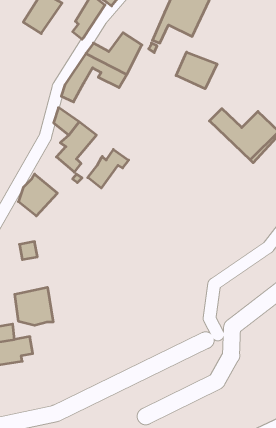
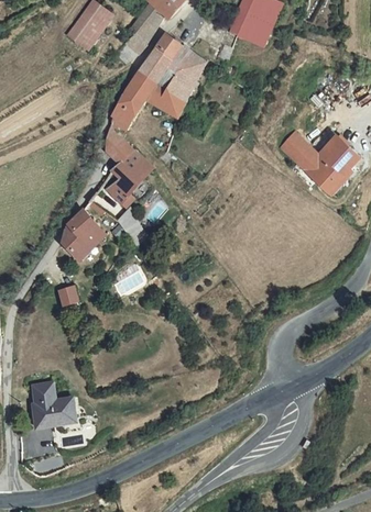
building: none -> [148,34,182,67]
building: [176,52,217,89] -> none
building: [88,149,129,188] -> none
building: [15,287,53,325] -> none

